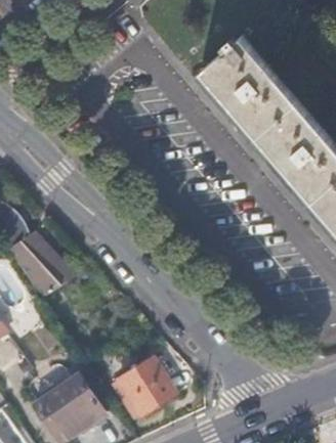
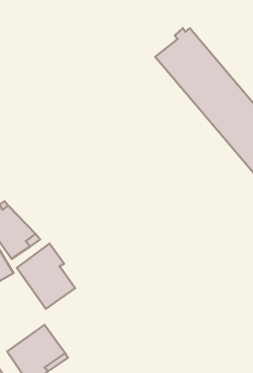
building: none -> [17,244,75,309]
building: [119,356,176,414] -> none

